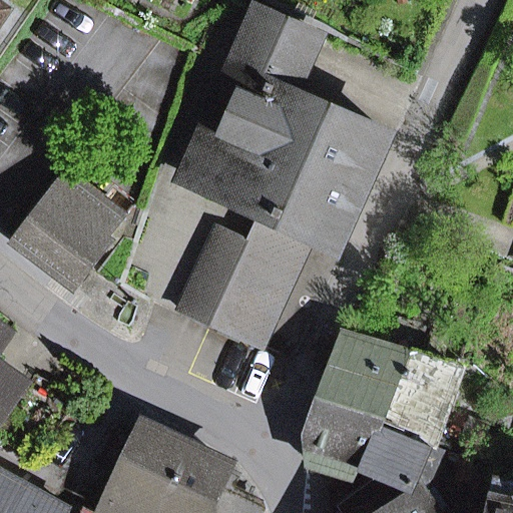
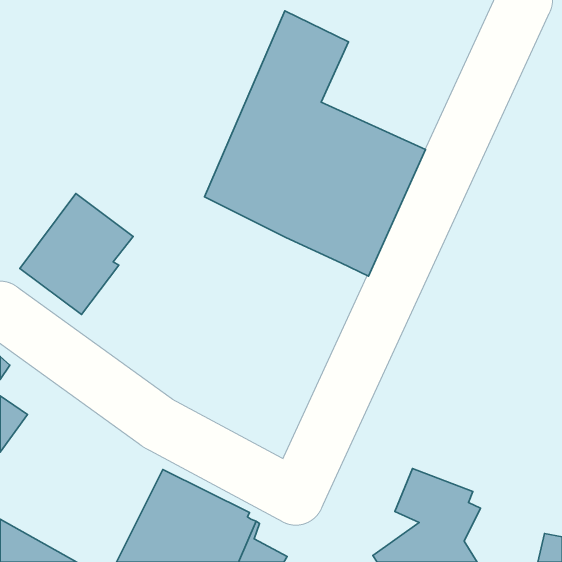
building: [182,216,311,348] -> none
building: [311,338,459,477] -> none

